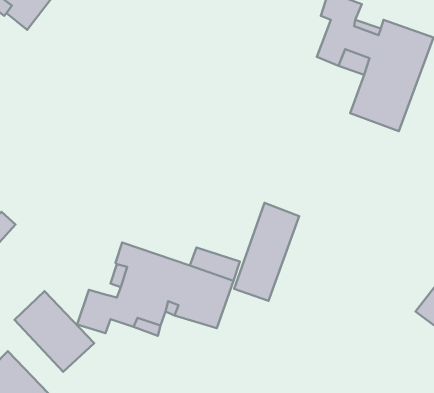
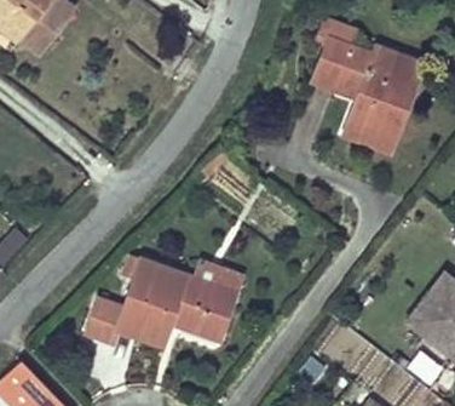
building: [234,203,299,301] -> none
building: [14,291,94,372] -> none

